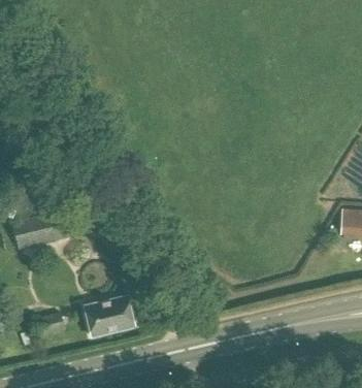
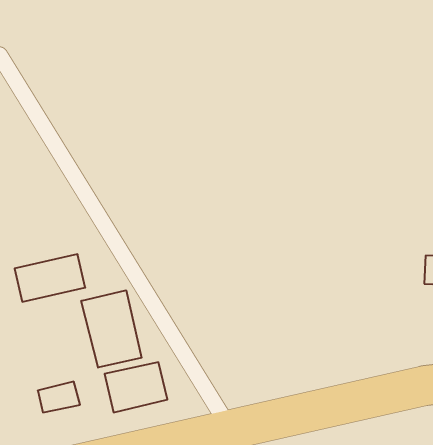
building: none -> [81,290,142,368]

